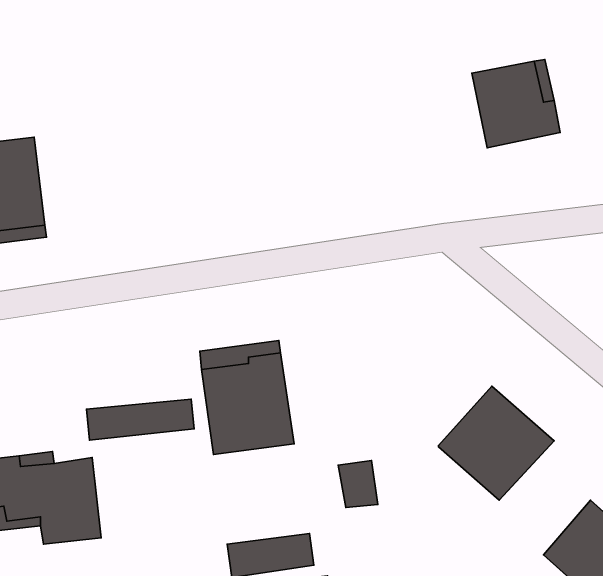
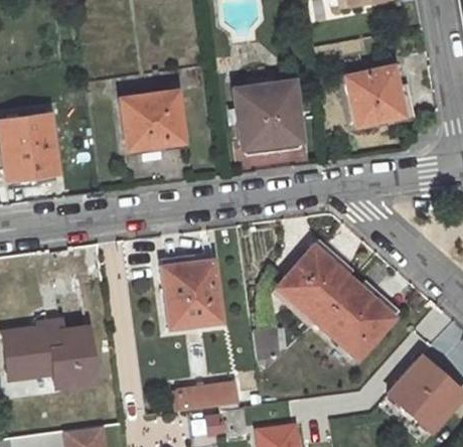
building: none -> [230,81,300,147]
building: none -> [120,91,182,147]
building: none -> [280,246,354,321]
building: [86,399,194,440] -> none

